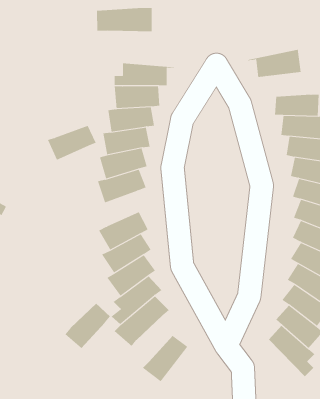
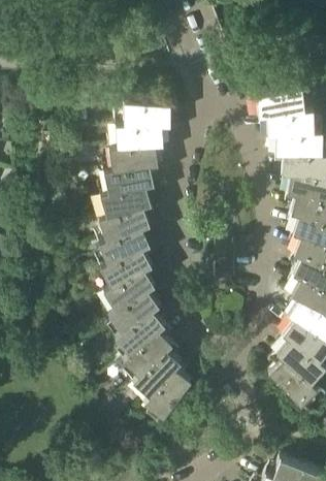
building: [97,7,152,32] -> none
building: none -> [267,113,312,137]
building: [47,125,96,161] -> [101,230,150,265]
building: [65,303,111,349] -> [135,353,181,398]

